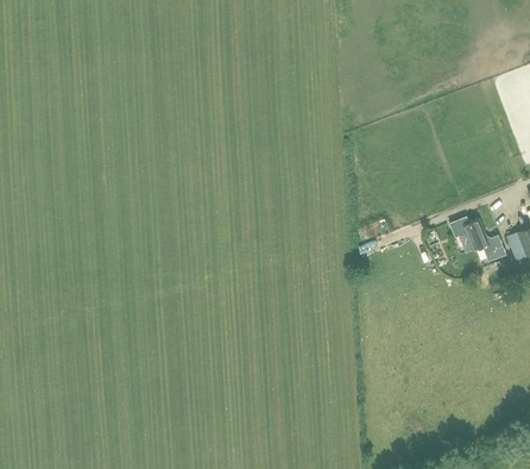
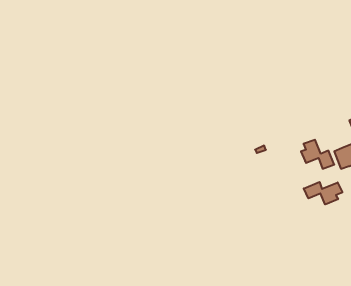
building: none -> [304,182,342,204]

